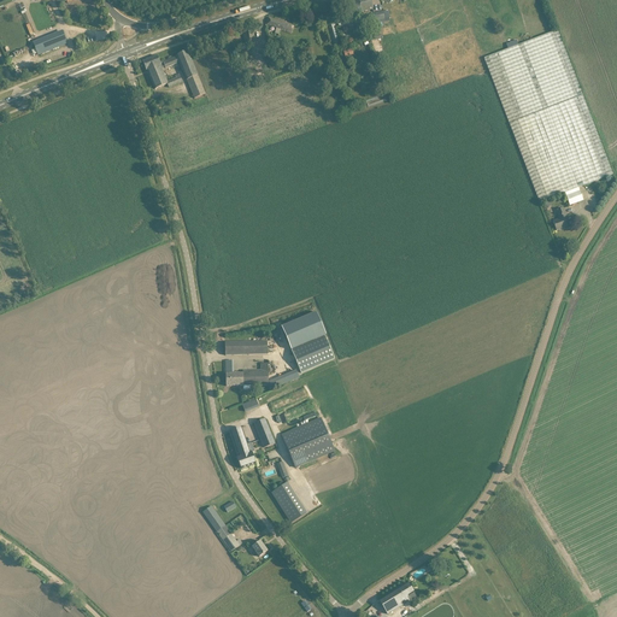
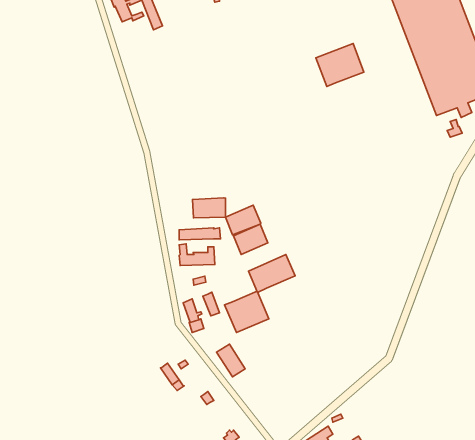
building: none -> [316,44,364,87]
building: none -> [192,198,226,218]
building: none -> [248,255,295,292]

